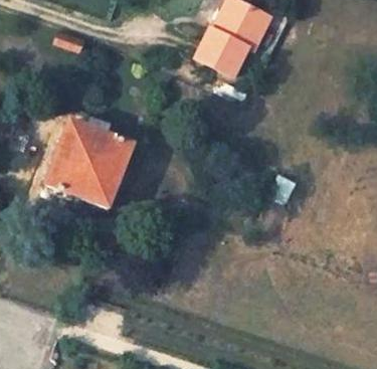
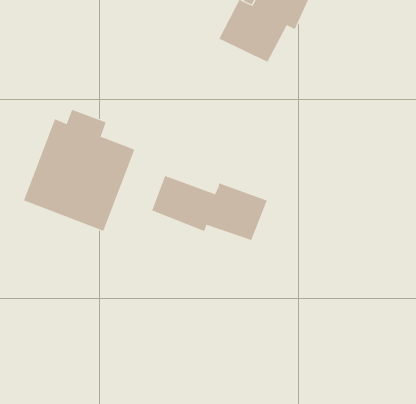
building: none -> [151,175,267,241]

